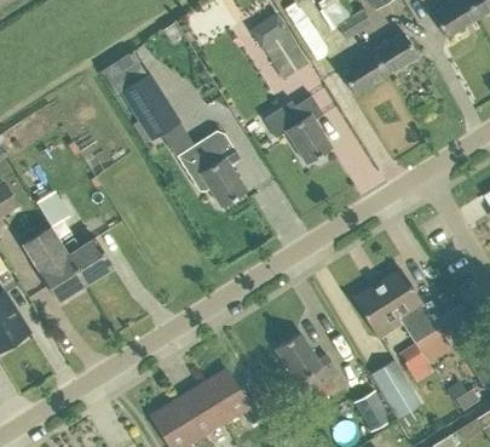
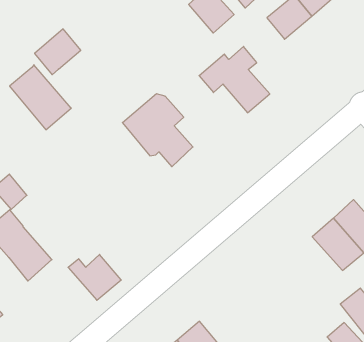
building: [121,73,180,141] -> [10,65,71,130]
building: [62,237,114,283] -> [68,254,121,300]
building: [276,332,339,395] -> none

